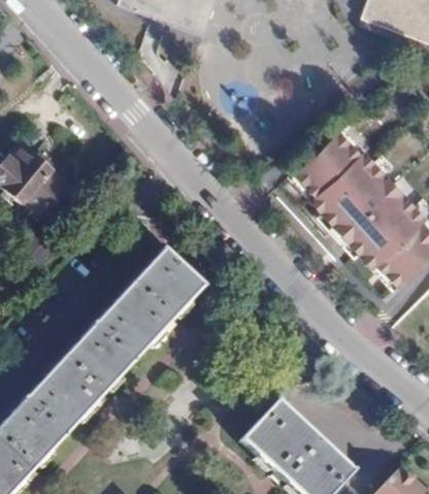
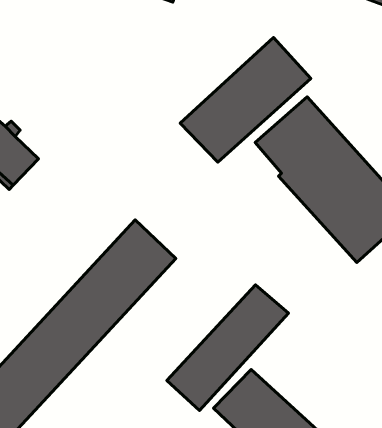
building: none -> [180,37,311,162]
building: none -> [167,285,288,411]

